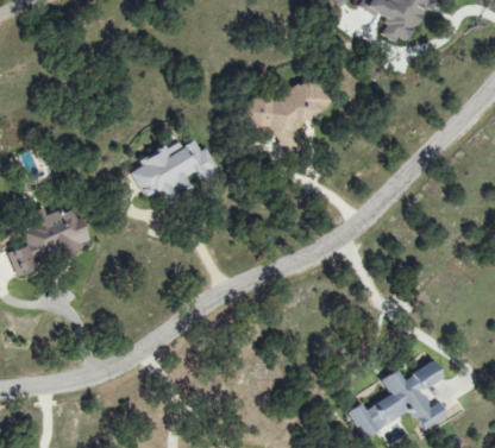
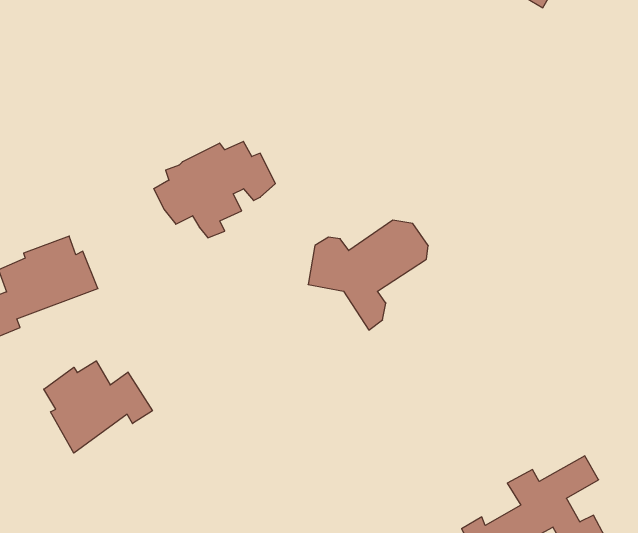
building: [245,80,330,157] -> [308,220,428,330]
building: none -> [44,361,152,453]

